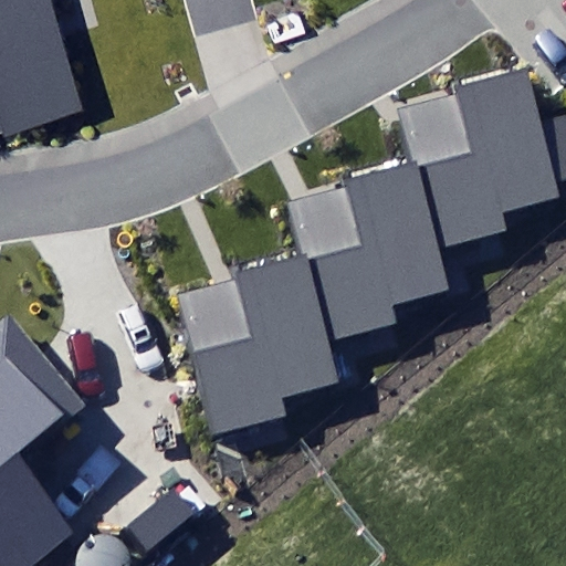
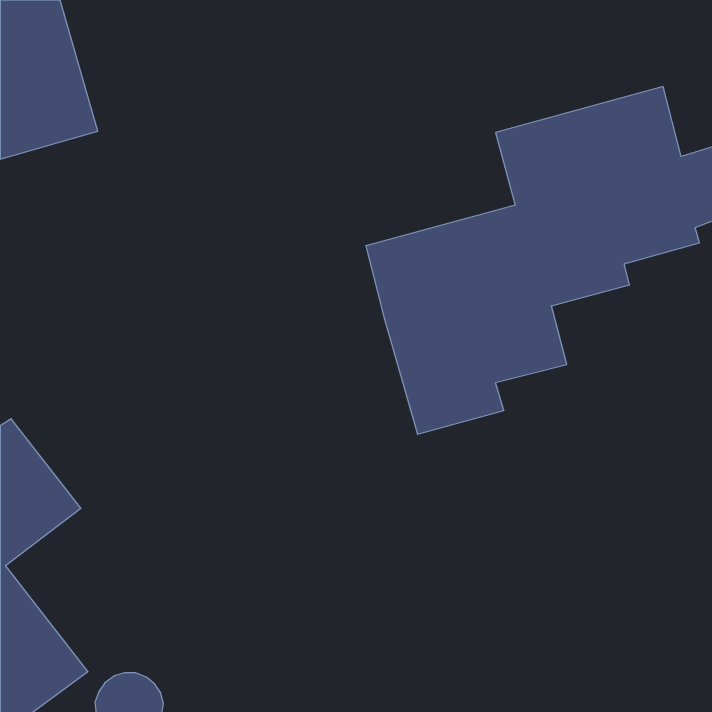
building: [163,252,344,448] -> none

